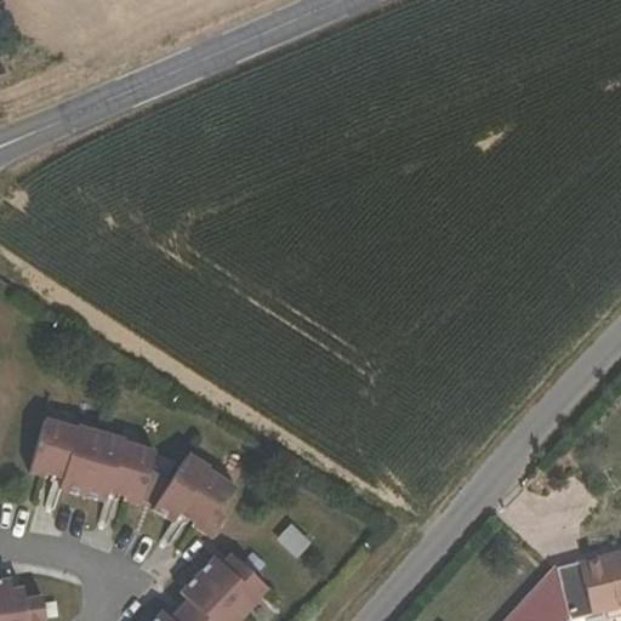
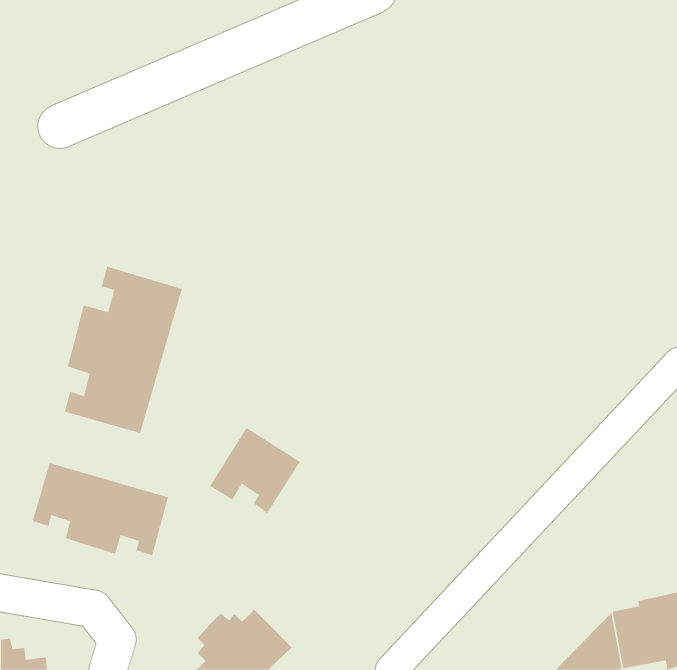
building: none -> [64,266,182,434]
building: [154,458,238,537] -> [209,427,301,514]

